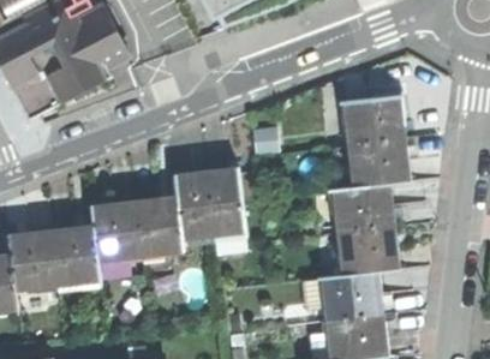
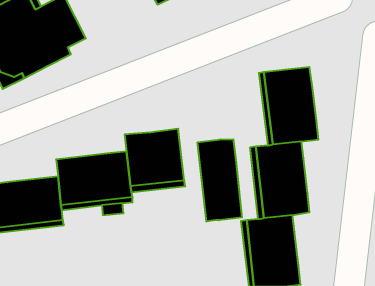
building: none -> [198,139,242,222]

